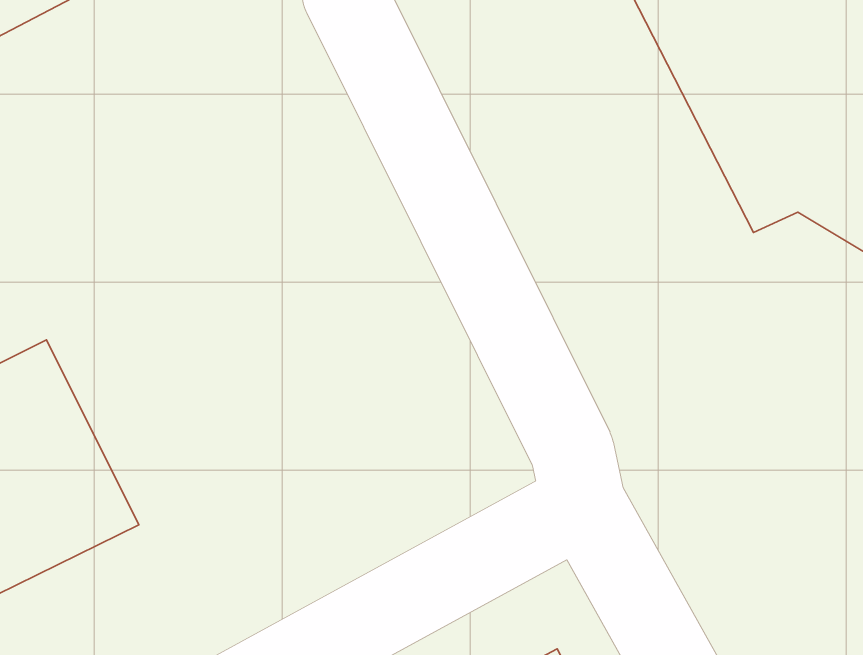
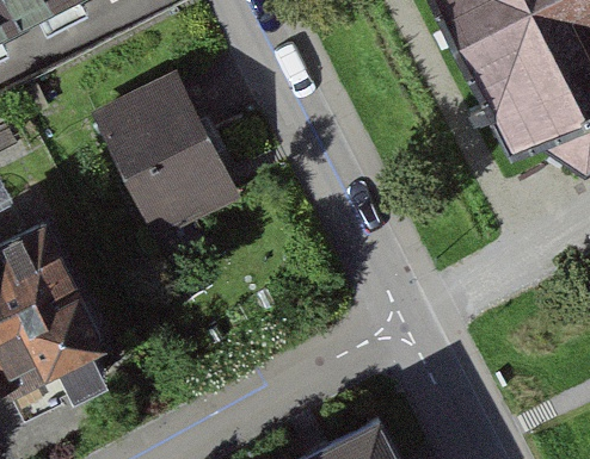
building: none -> [97,69,244,240]

